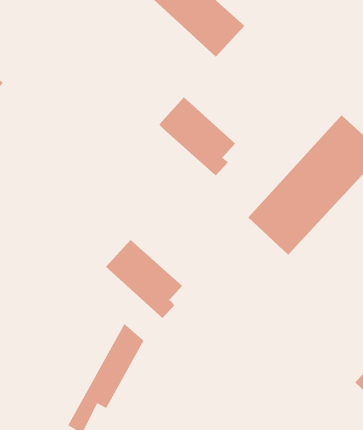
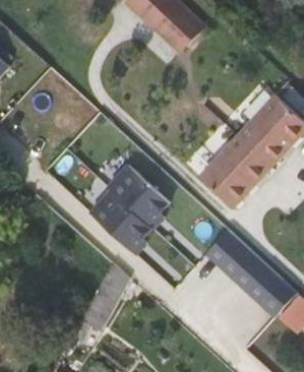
building: [158,97,236,177] -> [105,168,167,232]
building: none -> [203,232,280,306]

